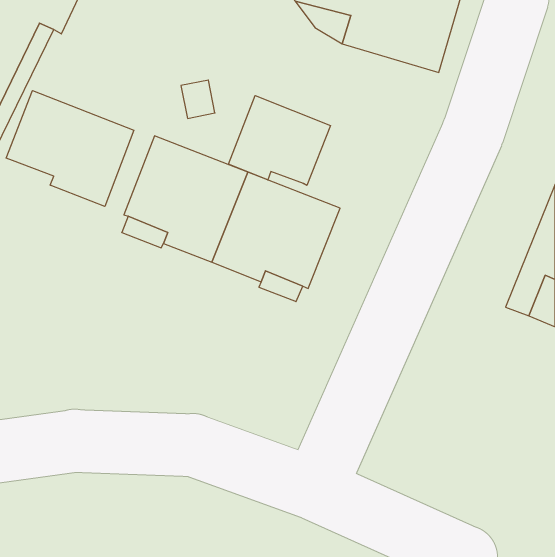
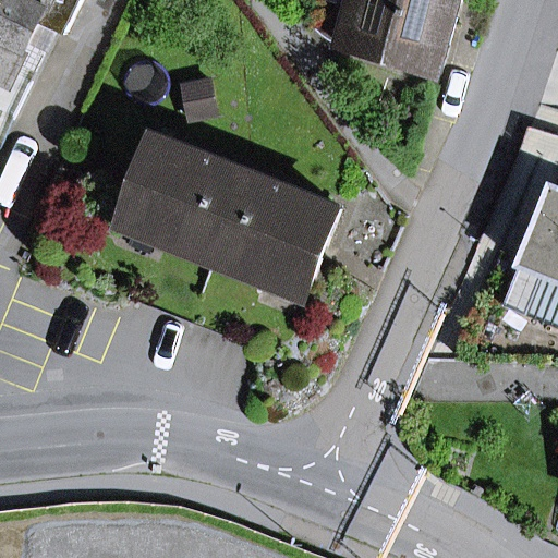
building: [6,91,134,206] -> none
building: [229,96,330,185] -> none

